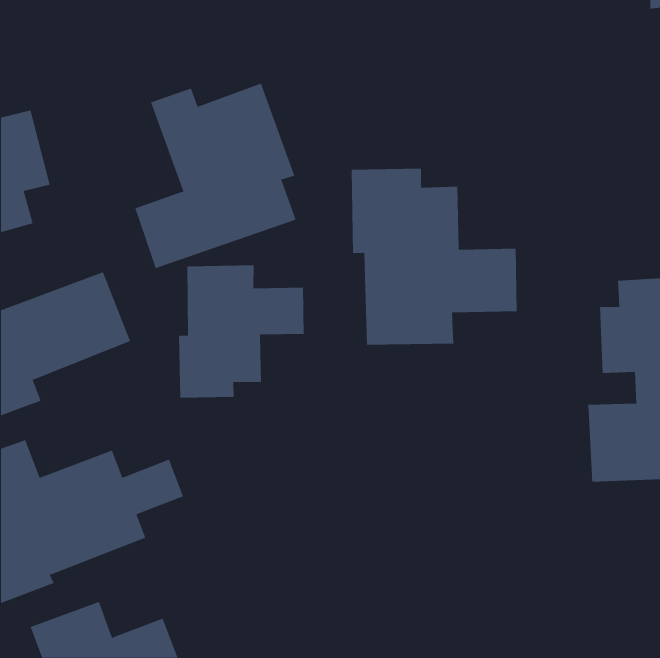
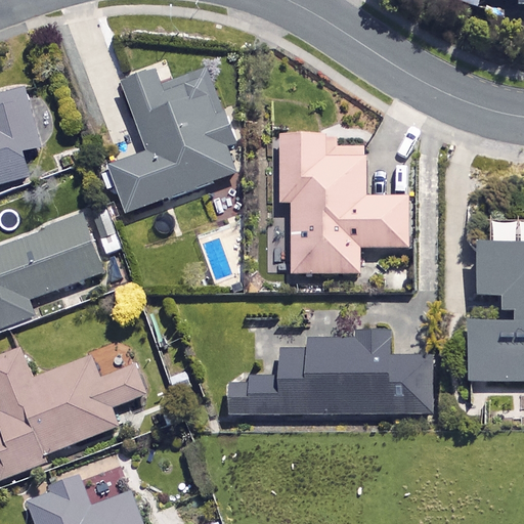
building: [179,264,304,398] -> none
building: none -> [228,330,434,414]

